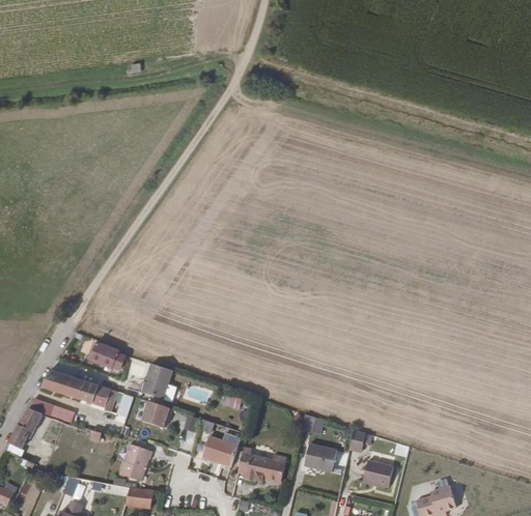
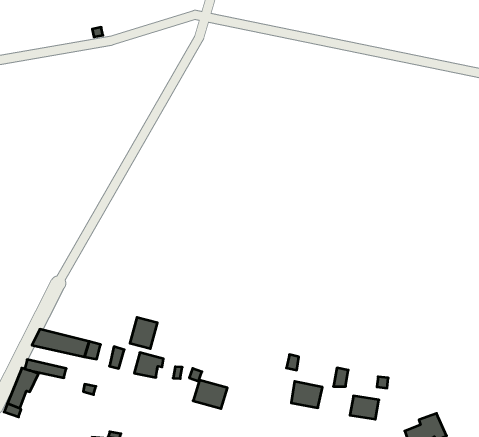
building: [90,339,120,364] -> none
building: [120,442,152,480] -> none
building: [236,446,284,482] -> none

